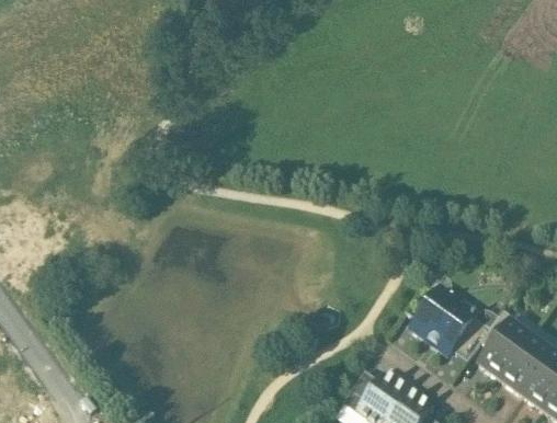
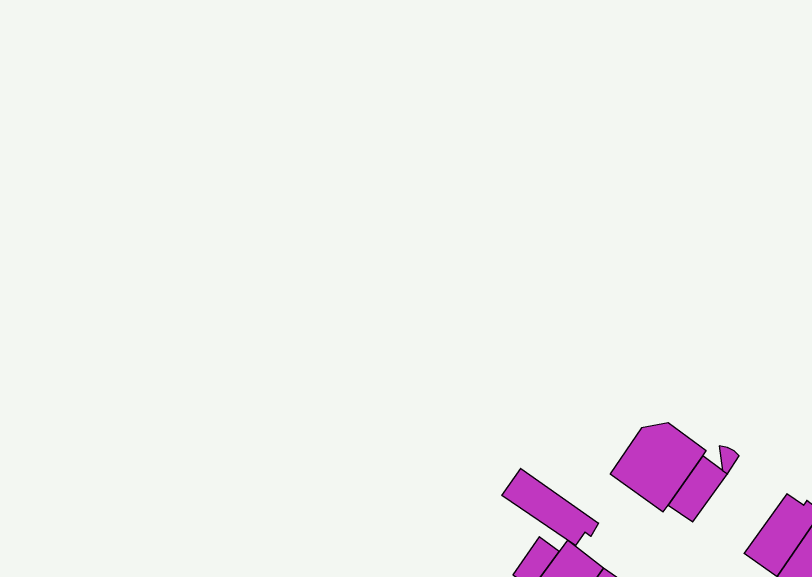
building: [479,321,530,380] -> none
building: none -> [502,468,599,546]

